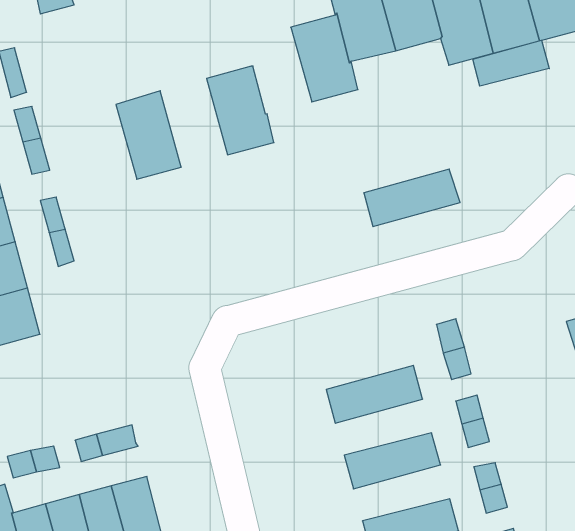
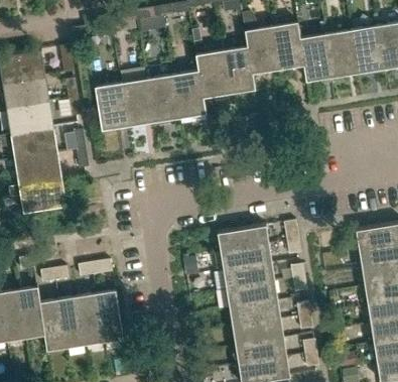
building: none -> [195,51,229,98]
building: [473,40,549,86] -> none
building: none -> [146,75,179,122]
building: none -> [95,84,128,130]
building: [364,169,460,227] -> [217,226,269,253]
building: none -> [223,264,275,290]
building: none -> [229,301,281,328]

